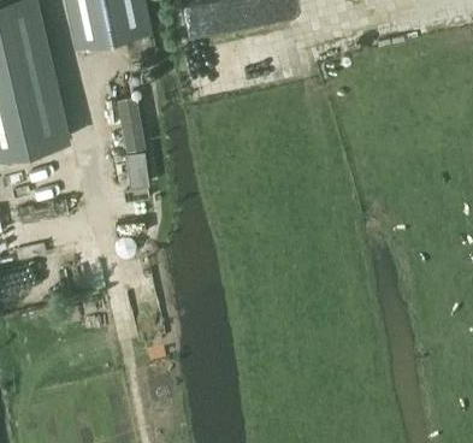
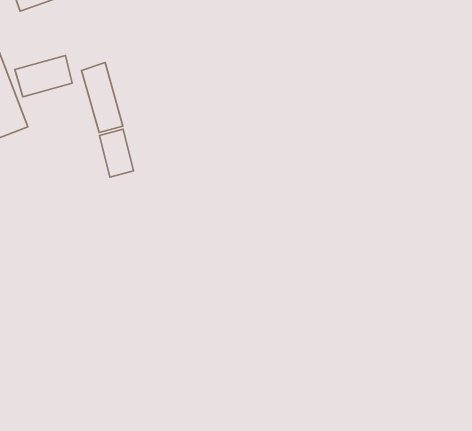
building: none -> [15,55,72,97]

